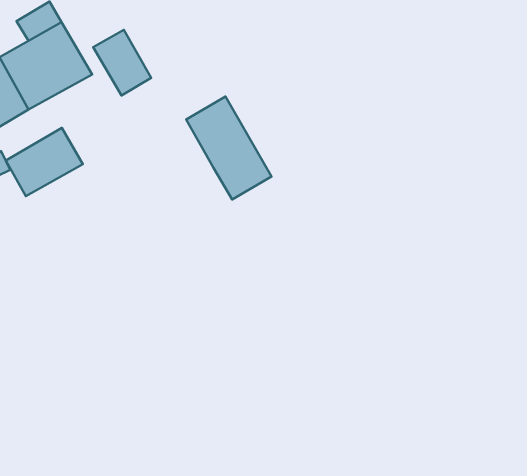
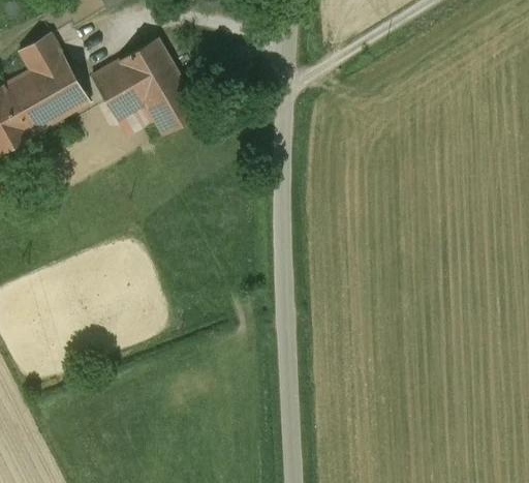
building: [186,97,271,199] -> [120,37,200,134]
building: [6,128,83,196] -> none

